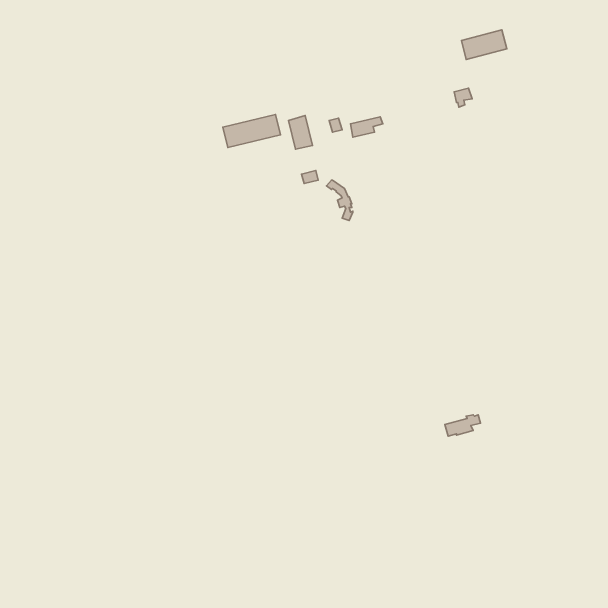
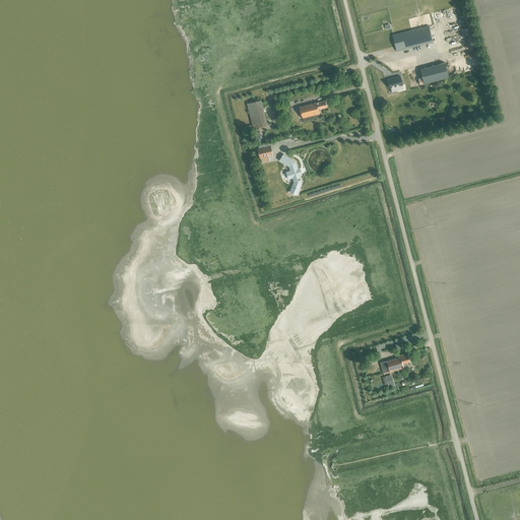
building: none -> [418,63,448,84]
building: [223,115,281,148] -> none

